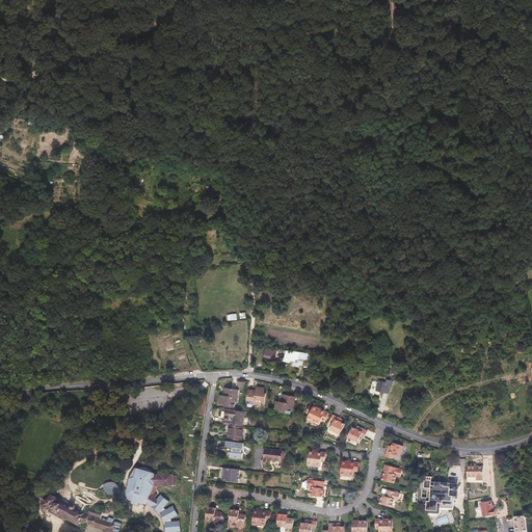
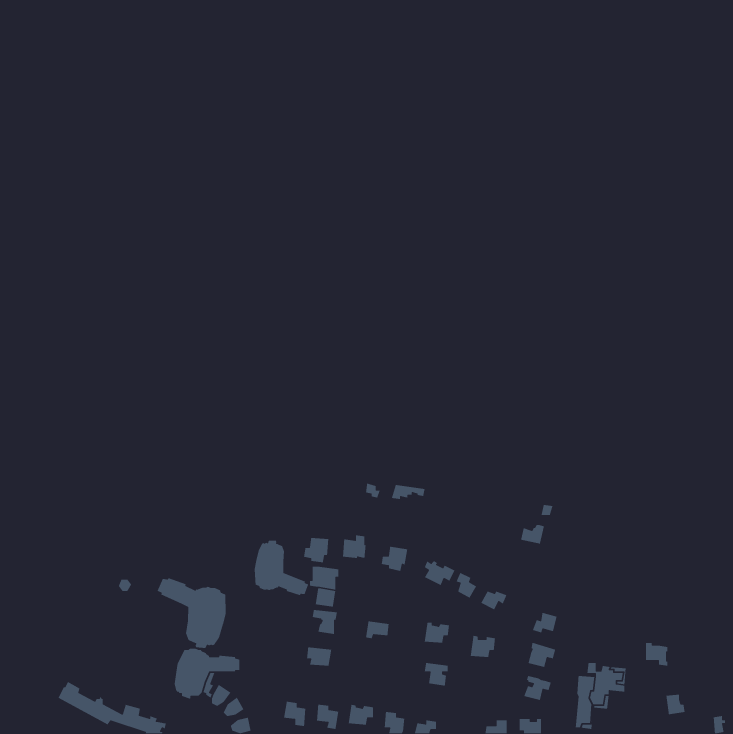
building: none -> [254,540,309,596]
building: none -> [156,577,227,649]

